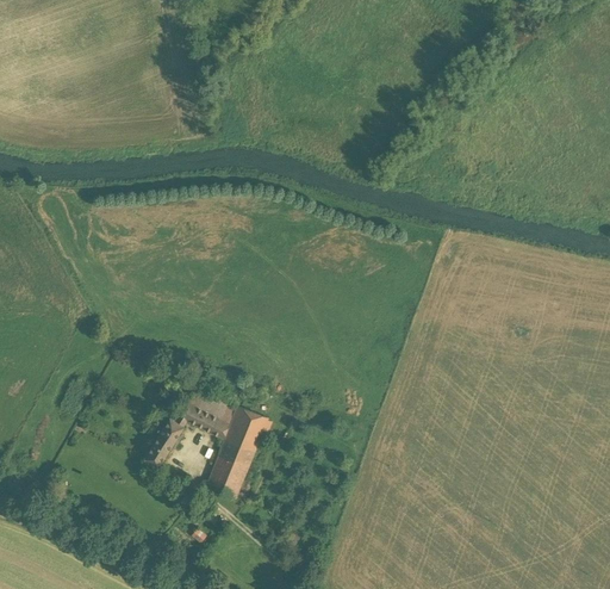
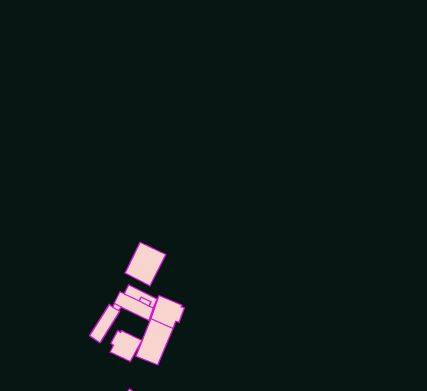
building: none -> [125,242,166,286]
building: none -> [110,330,142,362]

